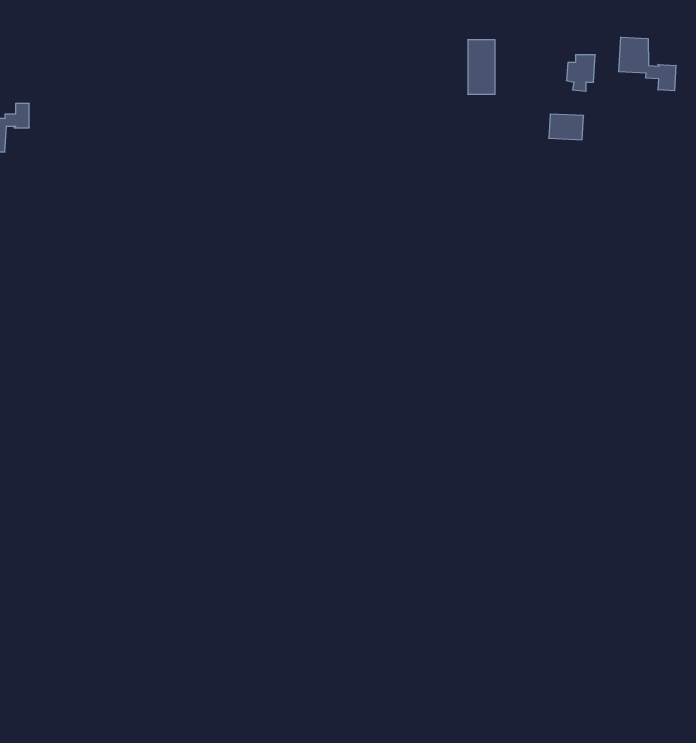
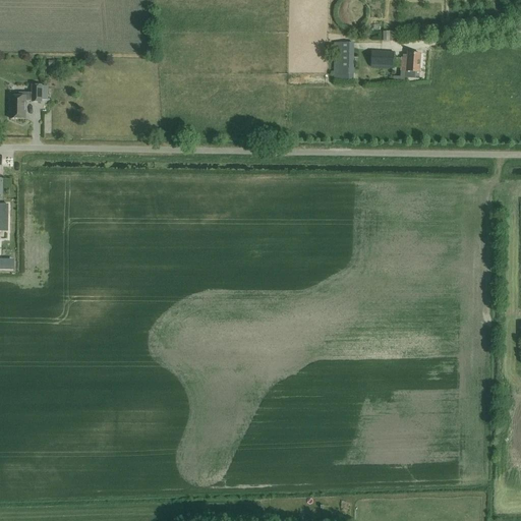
building: [619,37,676,91] -> none
building: [549,114,584,140] -> [370,50,394,67]

